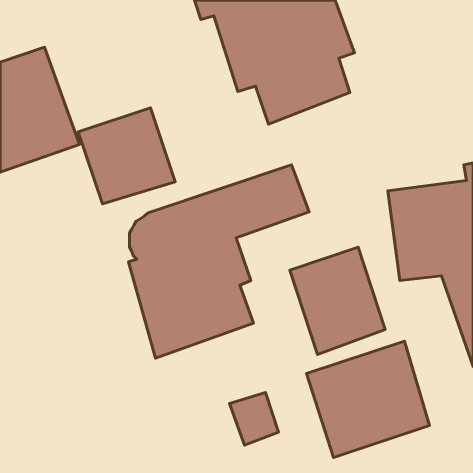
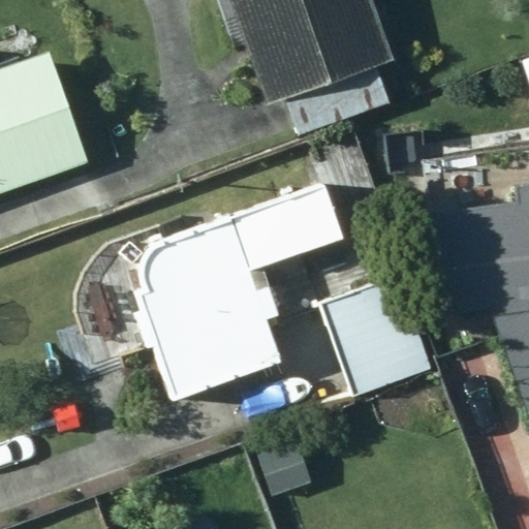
building: [78,108,175,204] -> none
building: [306,341,429,458] -> none

